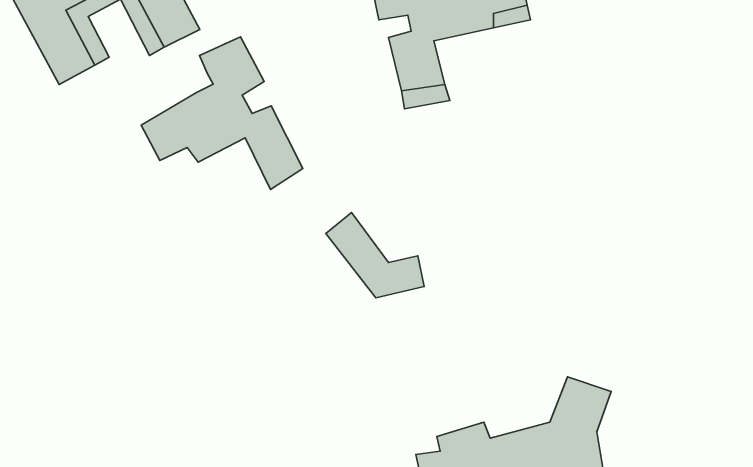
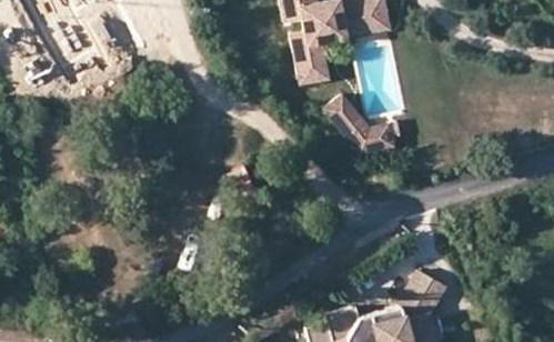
building: [141,37,303,189] -> none
building: [326,212,424,298] -> [329,91,396,150]

